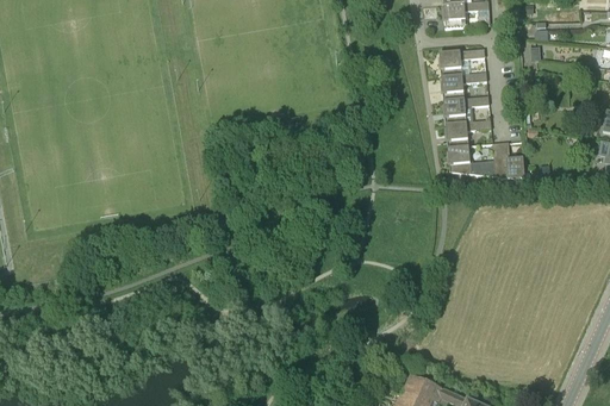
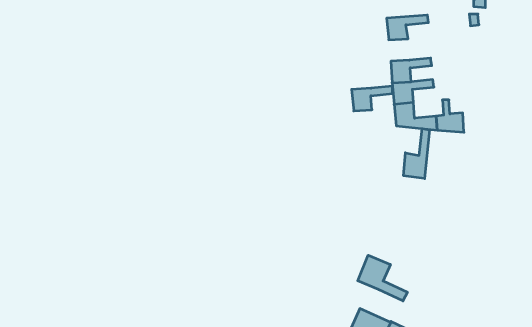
building: [441,71,486,99] -> [352,86,392,111]
building: none -> [404,129,430,179]
building: none -> [358,255,407,301]

